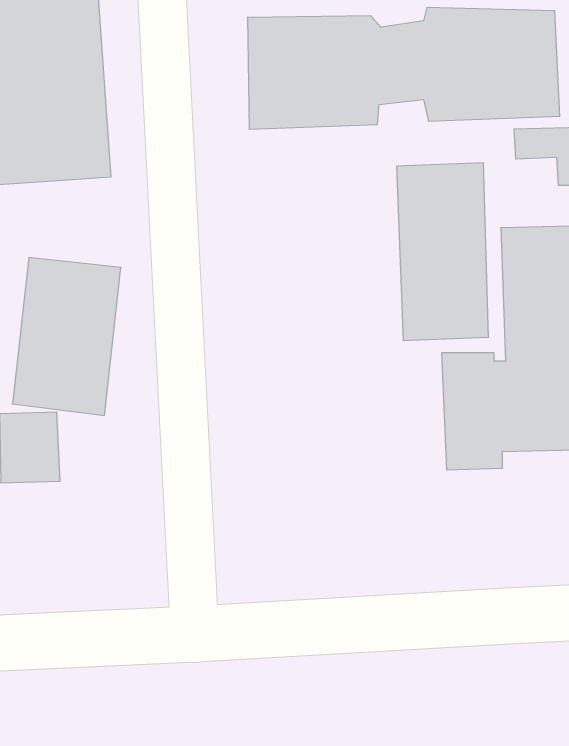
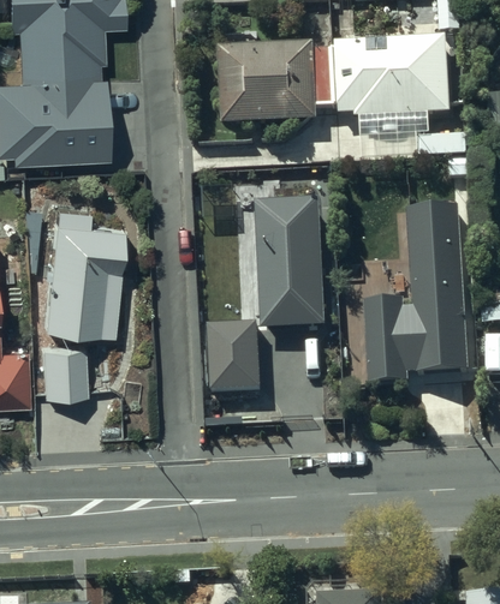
building: [397,163,489,341] -> [254,191,321,321]
building: none -> [203,313,257,387]

